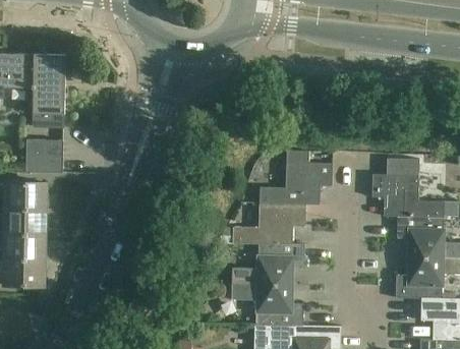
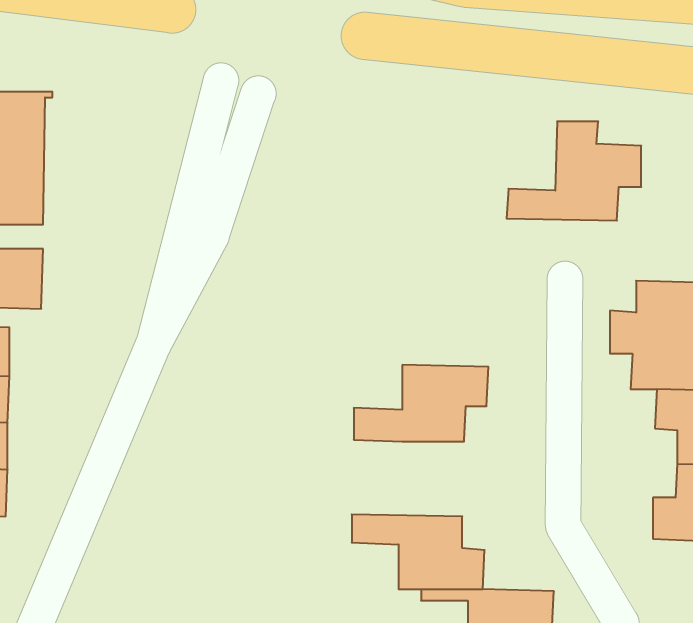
building: [258,150,332,203] -> [507,121,641,221]
building: [231,243,304,285] -> none

